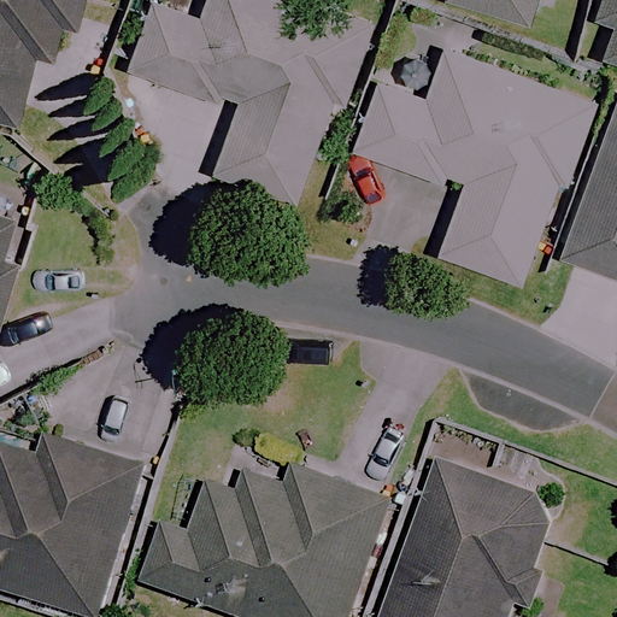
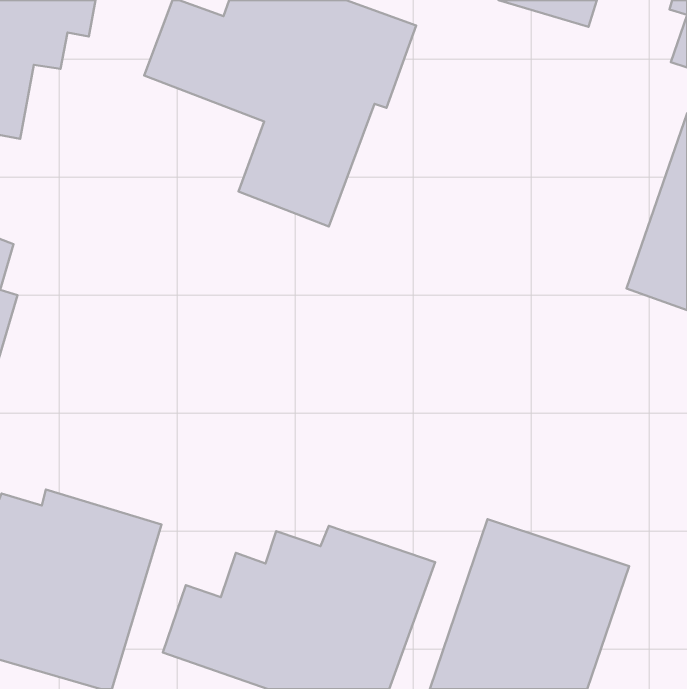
building: [355,47,593,282] -> none

